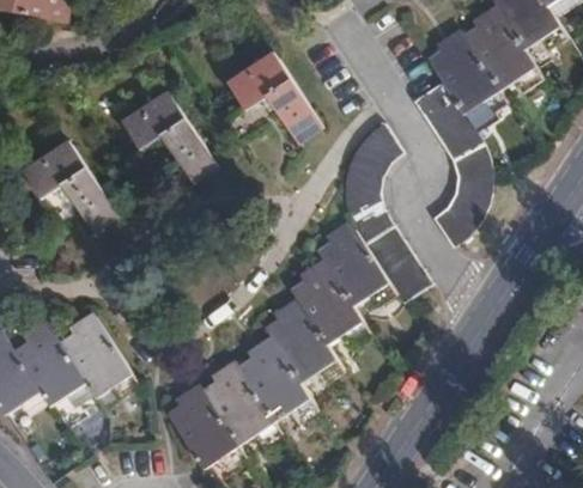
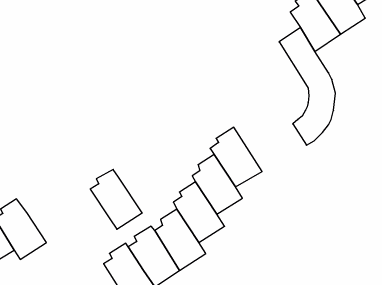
building: [230,55,321,141] -> none
building: [123,96,214,181] -> none
building: [344,120,430,301] -> none
building: [26,144,116,232] -> none
building: [59,312,132,396] -> [90,169,142,229]

